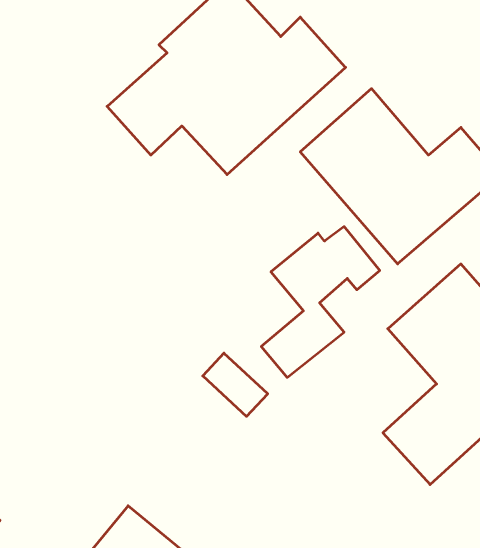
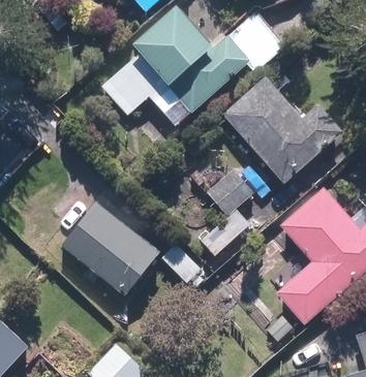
building: none -> [58,200,159,296]

